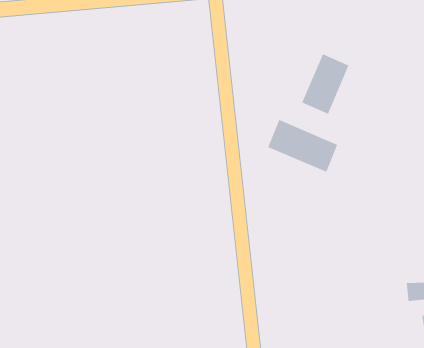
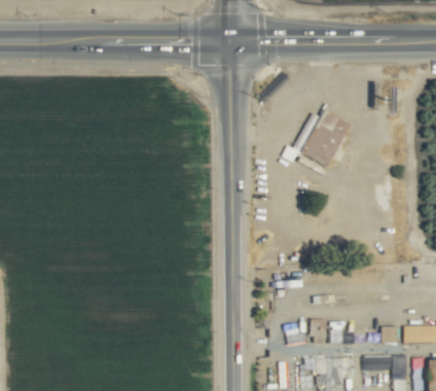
building: [267,119,338,173] -> none

